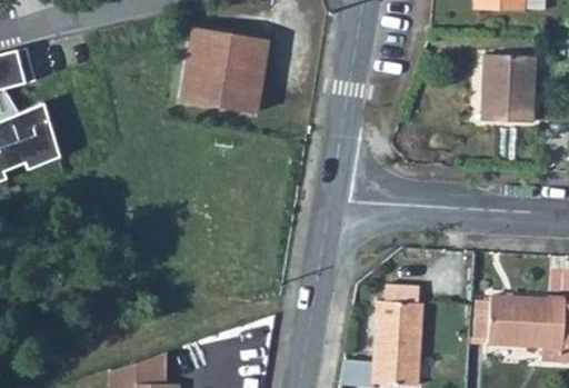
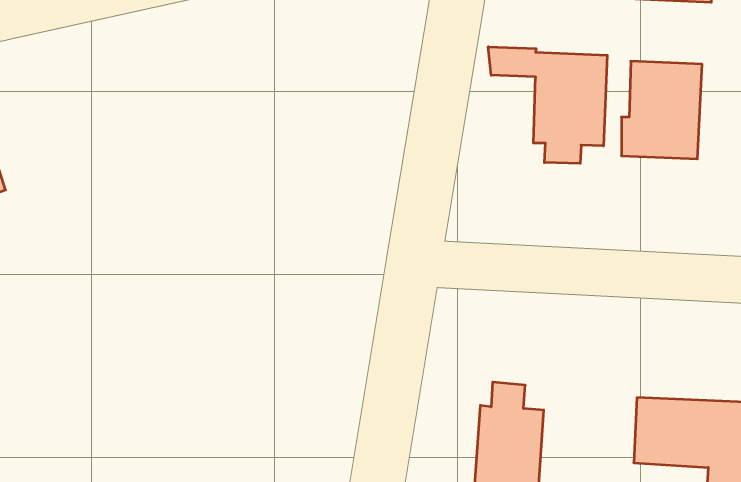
building: [181,27,267,111] -> none
building: none -> [488,47,607,163]

